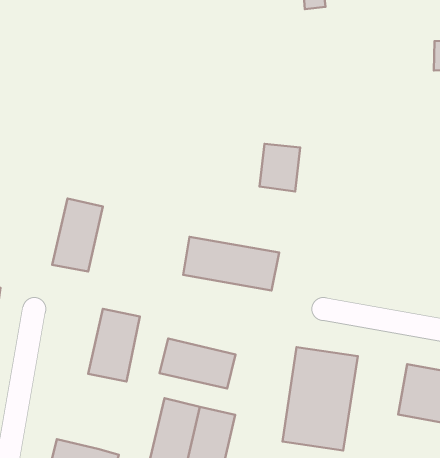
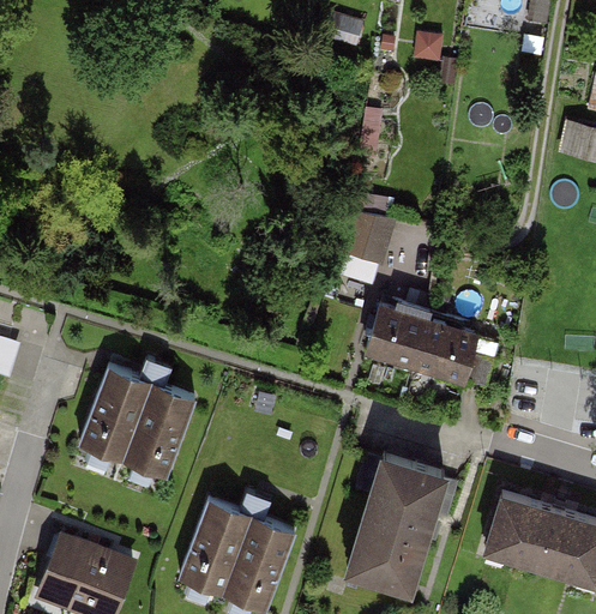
building: [52,199,103,272] -> [77,373,145,463]
building: [183,237,279,291] -> [374,308,492,384]
building: [159,338,235,389] -> none

